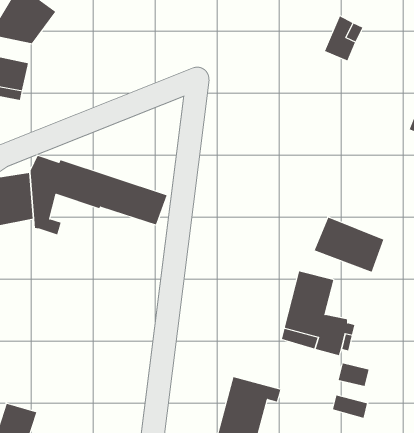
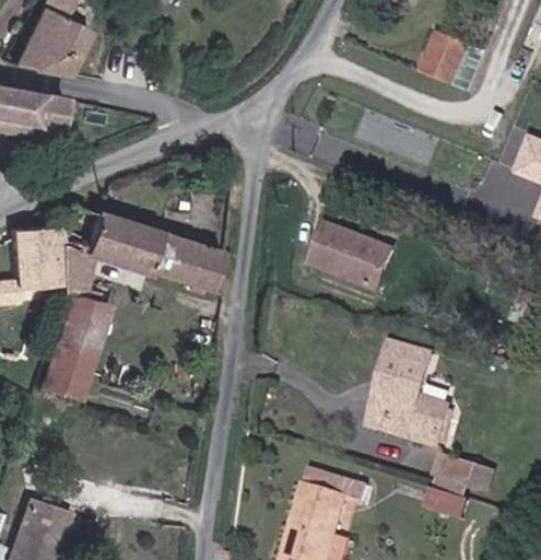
building: [314,217,384,272] -> [305,223,389,290]
building: none -> [46,292,107,397]

